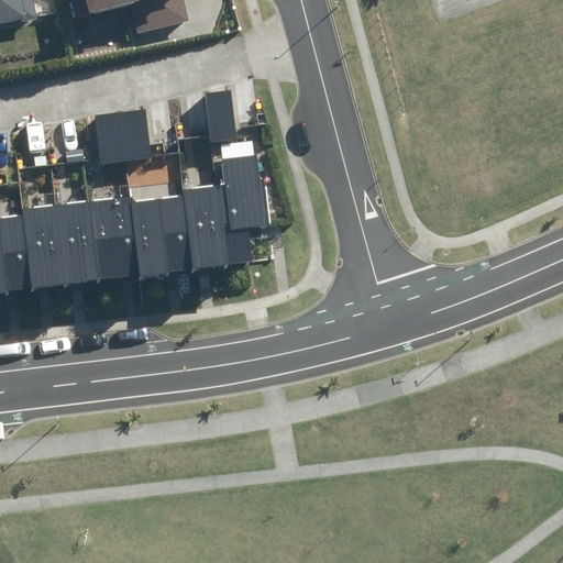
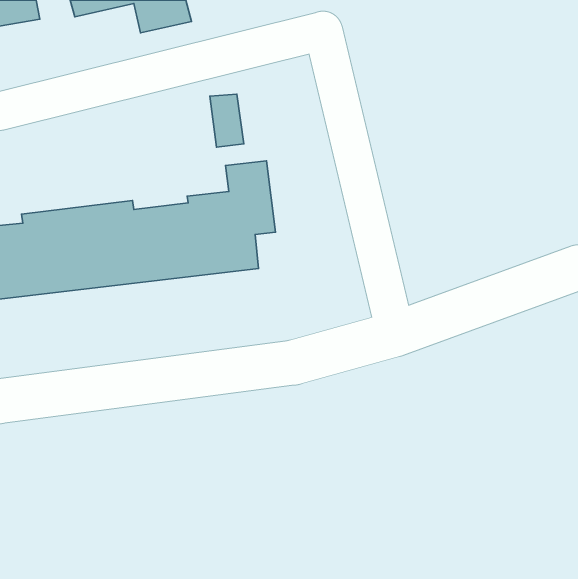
building: [93,110,151,165] -> none

